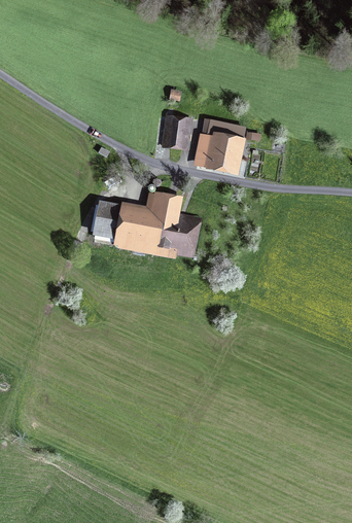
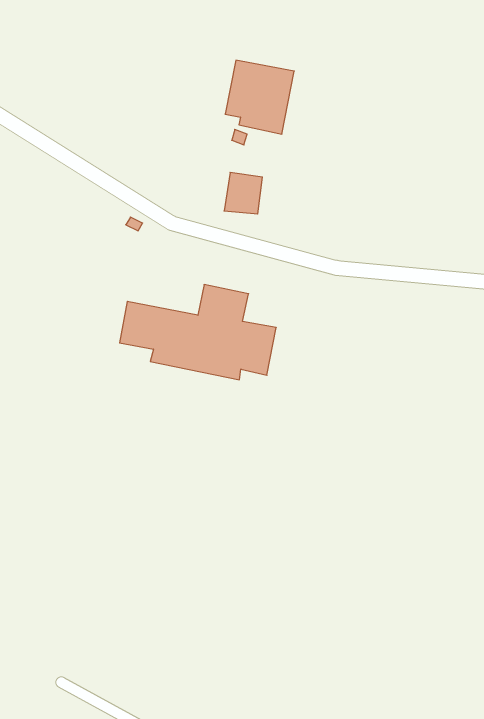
building: [198,120,244,170] -> [225,60,294,134]

